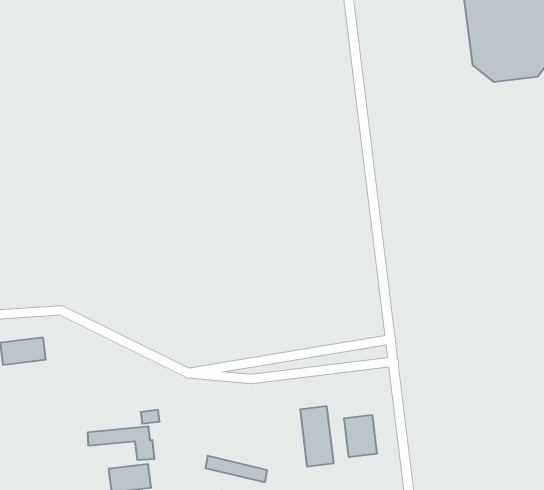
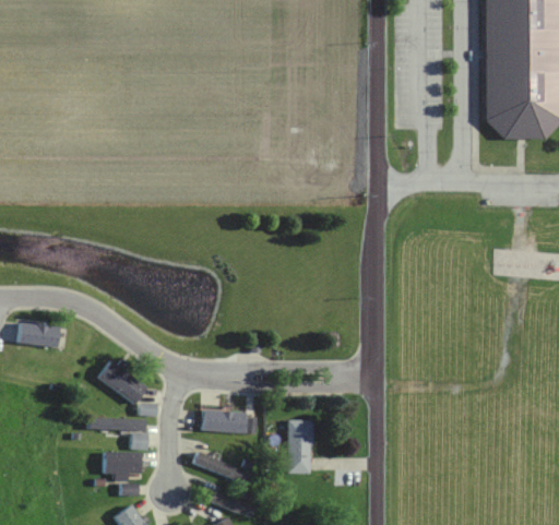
building: none -> [97,360,146,403]
building: none -> [203,410,257,432]
building: [344,415,377,457] -> none

